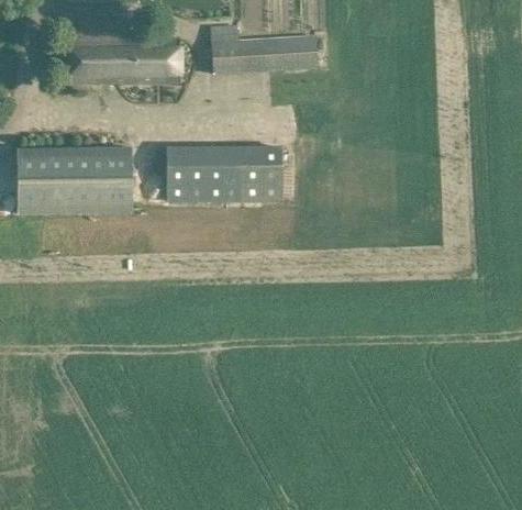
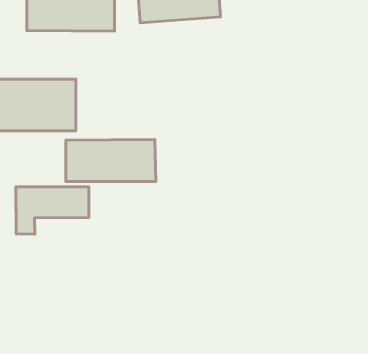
building: [167,147,282,201] -> [66,139,156,181]
building: none -> [16,187,89,234]

